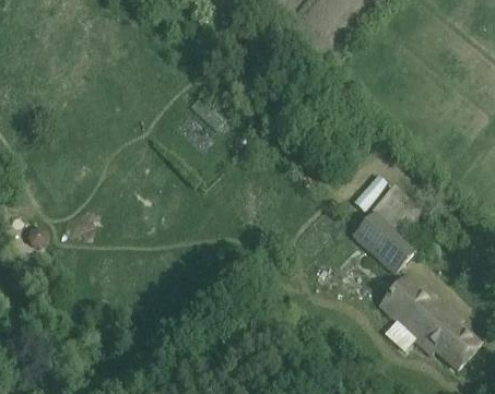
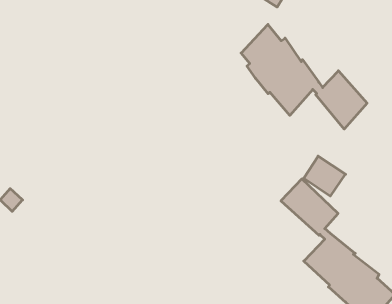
building: none -> [241,24,367,129]

